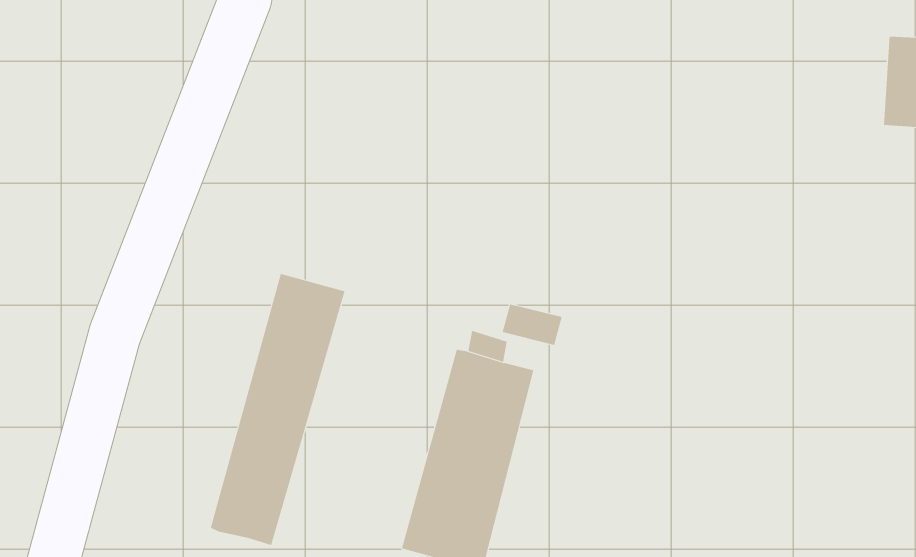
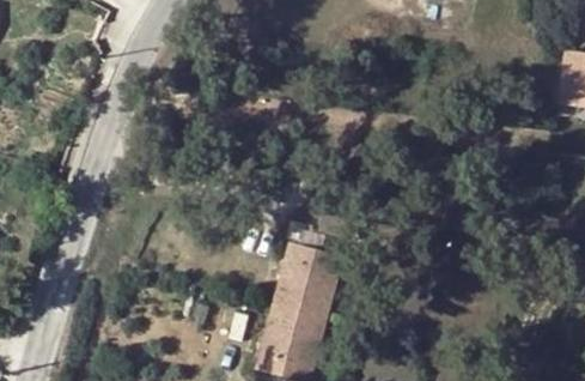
building: [210,273,345,546] -> none

